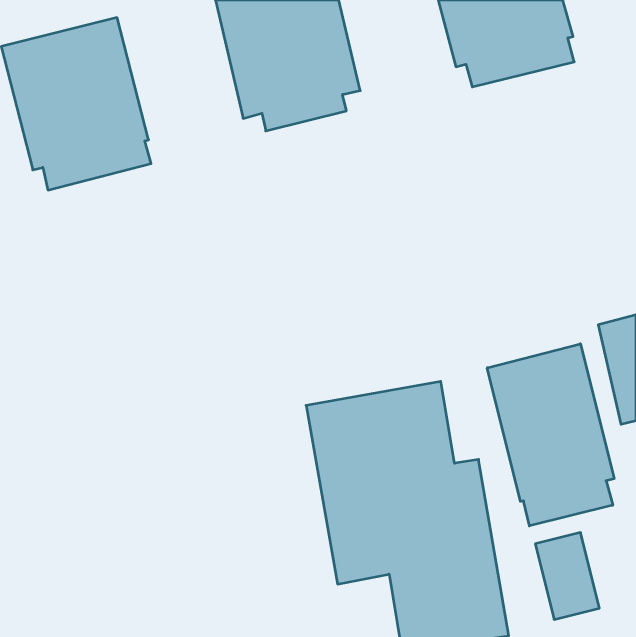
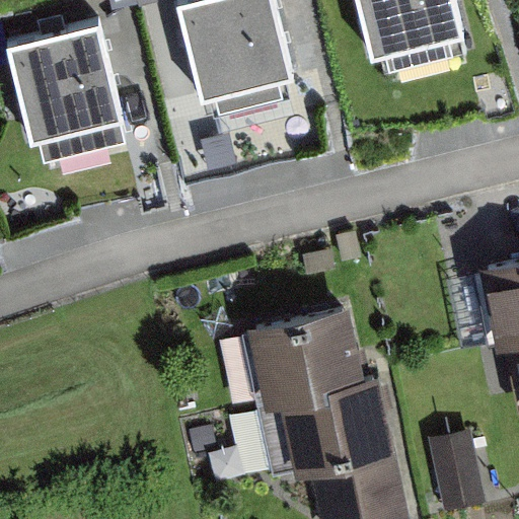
building: [487,344,614,526] -> none

